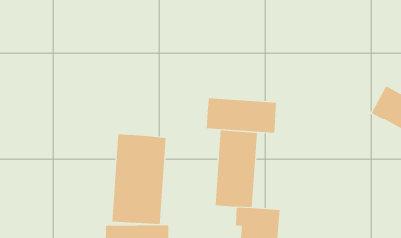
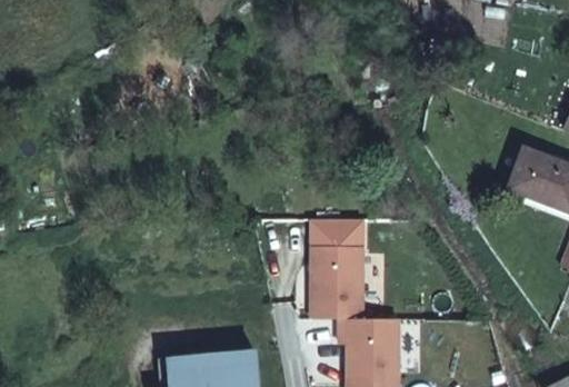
building: [206,97,277,134] -> none
building: [112,134,166,225] -> none

